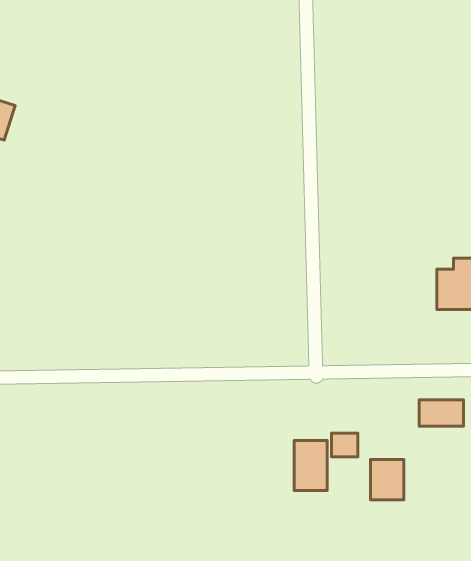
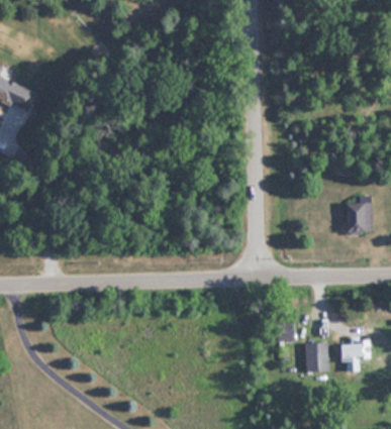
building: [419,400,463,426] -> [333,341,366,360]
building: [294,440,327,491] -> none

